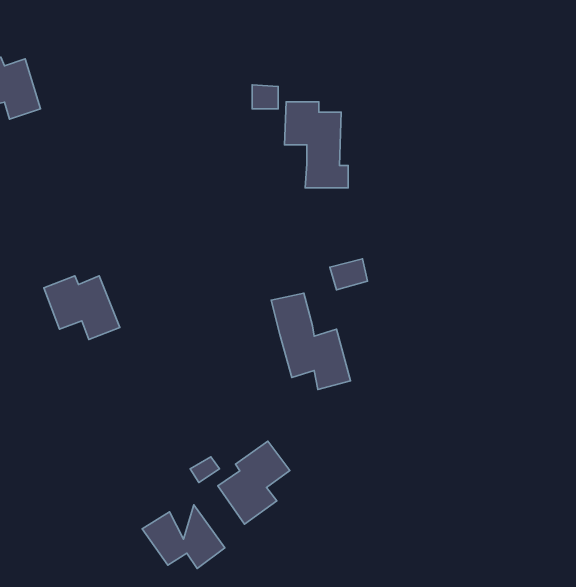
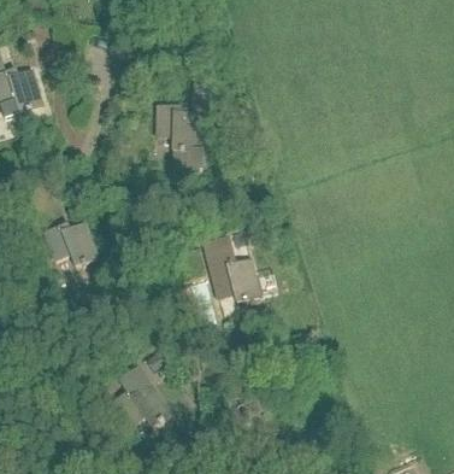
building: [284,102,348,188] -> [159,104,204,164]
building: [218,441,290,524] -> none

